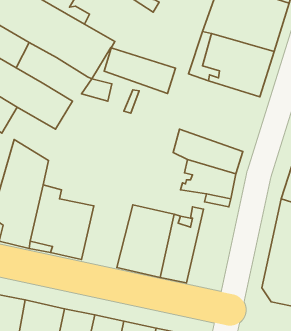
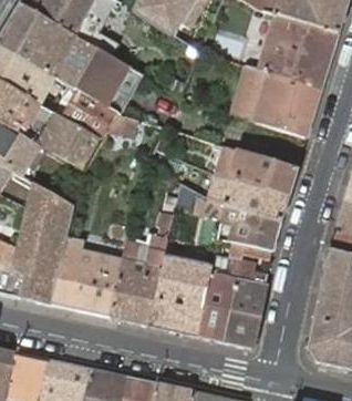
building: [104,48,176,93] -> [218,146,297,196]
building: none -> [68,93,117,141]
building: none -> [111,195,180,323]
building: none -> [226,259,267,347]

